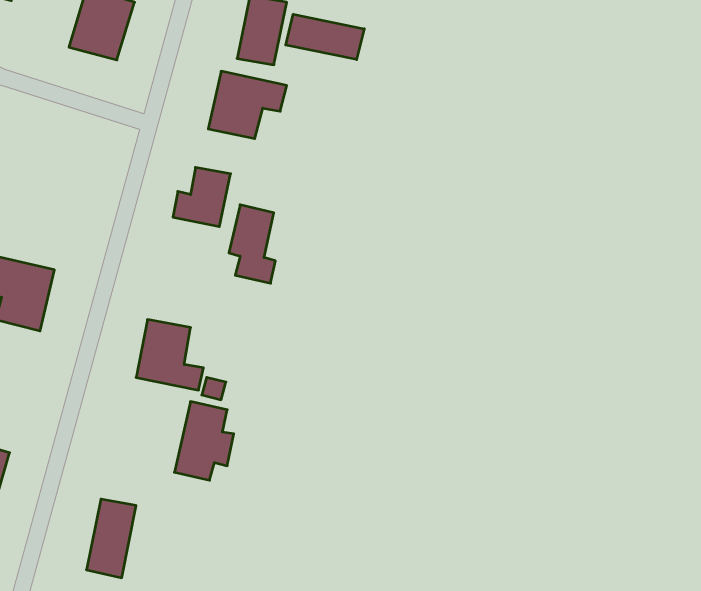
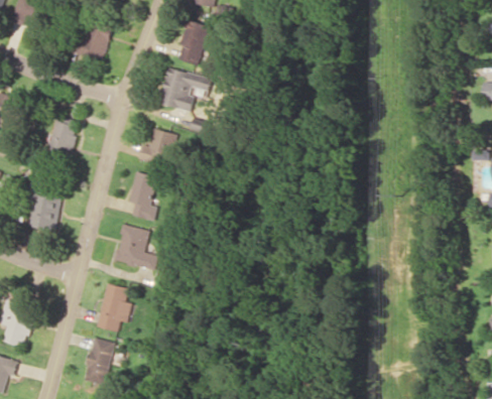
building: [286,14,364,60] -> none
building: none -> [49,117,80,155]
building: [229,205,275,283] -> [128,171,157,221]
building: [174,402,234,480] -> [96,283,133,332]

